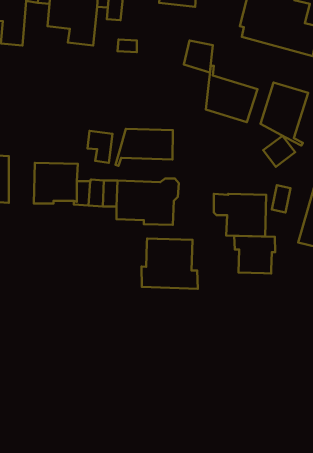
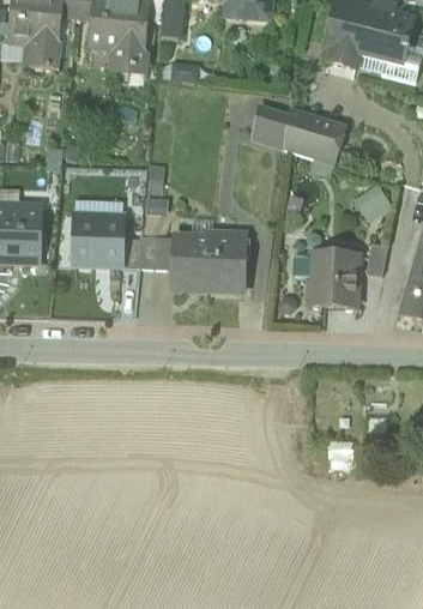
building: [184,40,213,72] -> [250,109,286,149]
building: [260,82,308,145] -> none
building: [116,129,173,166] -> none
building: [234,236,275,273] -> none
building: [142,238,198,289] -> none

